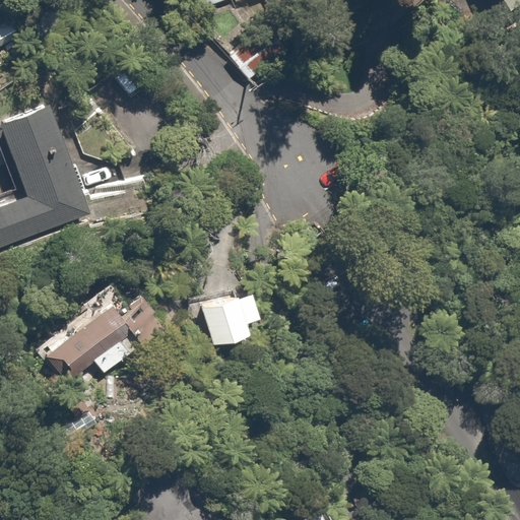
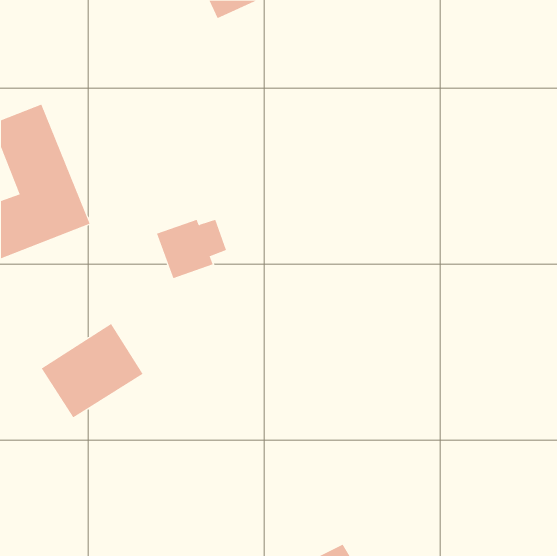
building: [197,292,262,347] -> [156,219,227,279]

